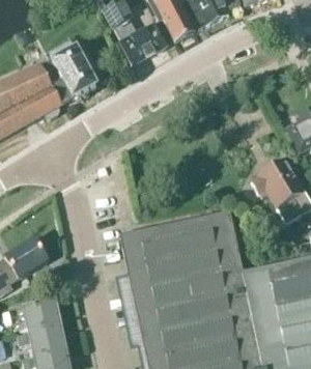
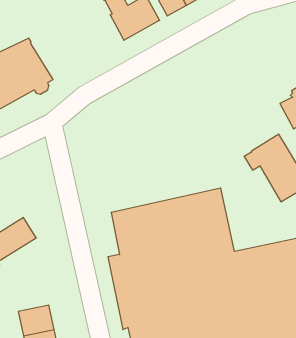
building: [41,38,96,104] -> none
building: [18,301,59,332] -> none

